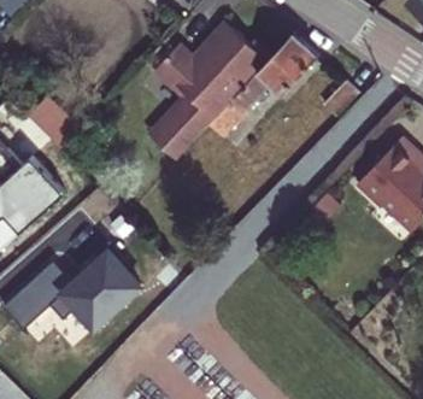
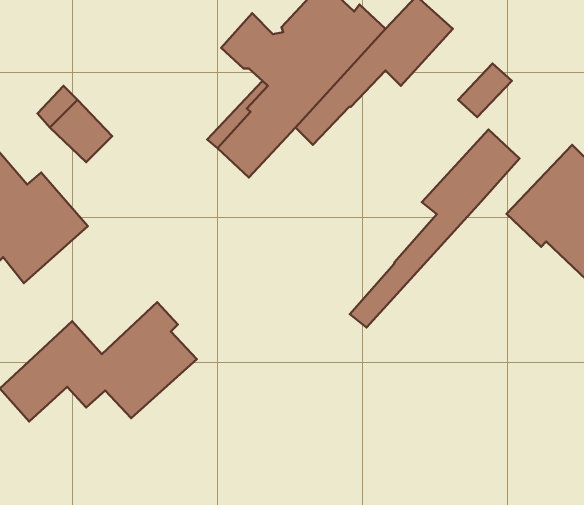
building: none -> [350,130,520,327]

